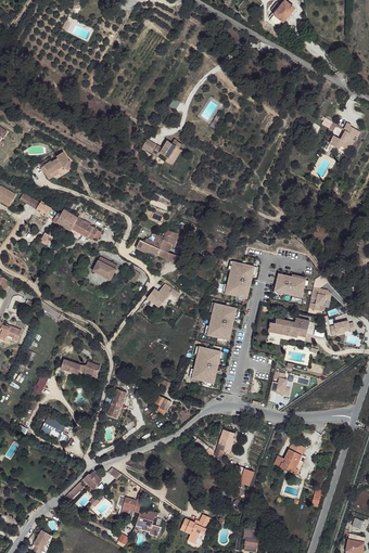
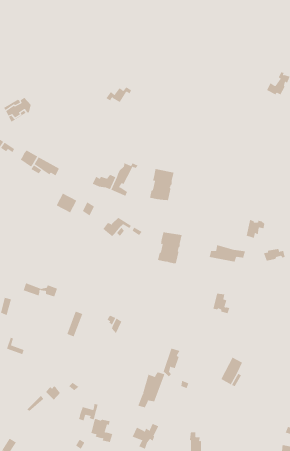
building: [225,258,253,295] -> [149,168,174,202]
building: [275,268,306,293] -> none
building: [195,345,224,382] -> none
building: none -> [137,372,165,408]

